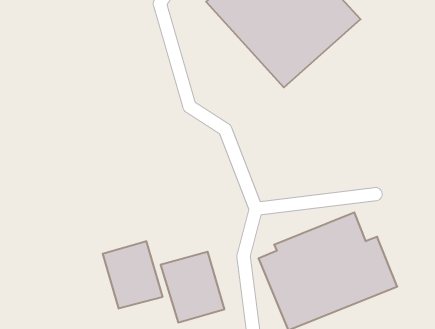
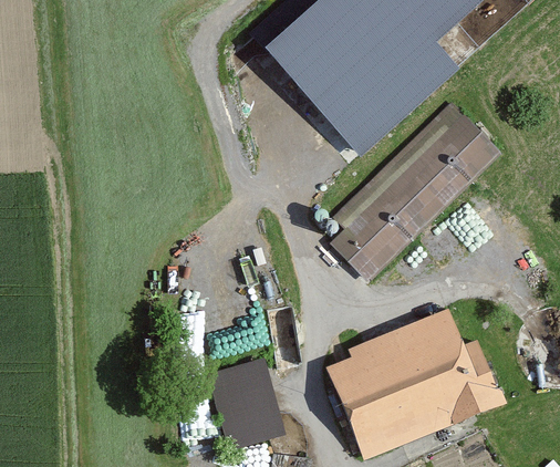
building: none -> [331,105,500,284]
building: [103,241,162,309] -> none

